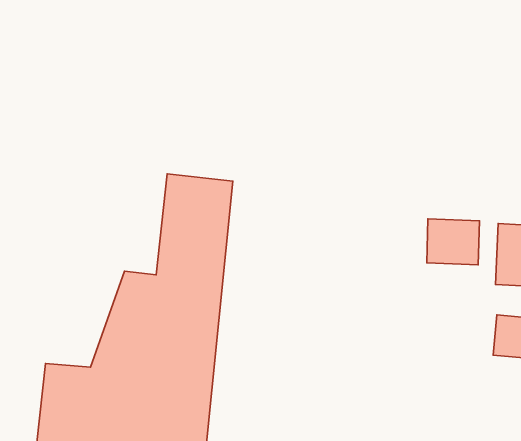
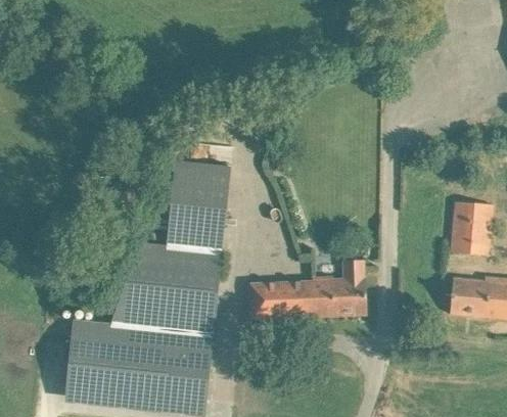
building: [427,219,479,265] -> none
building: none -> [248,262,366,320]

